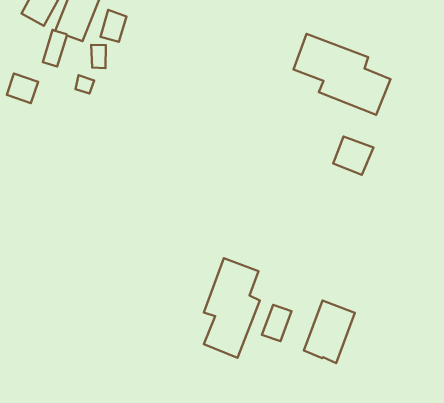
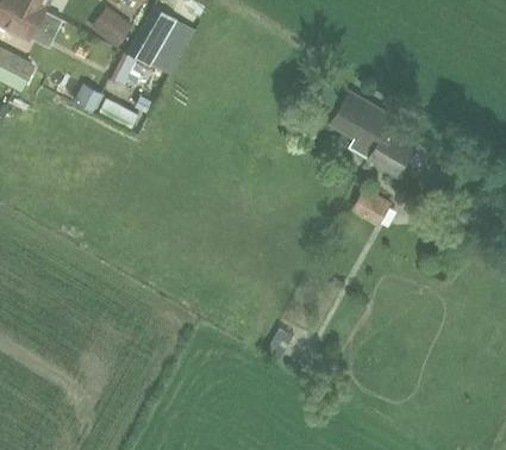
building: [204,258,260,358] -> none
building: [304,300,355,363] -> none

